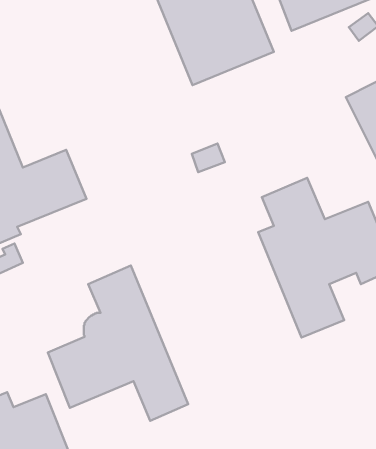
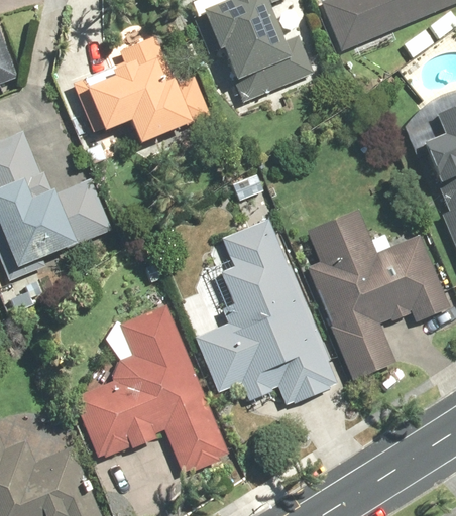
building: none -> [79,33,208,146]
building: none -> [194,215,338,407]

